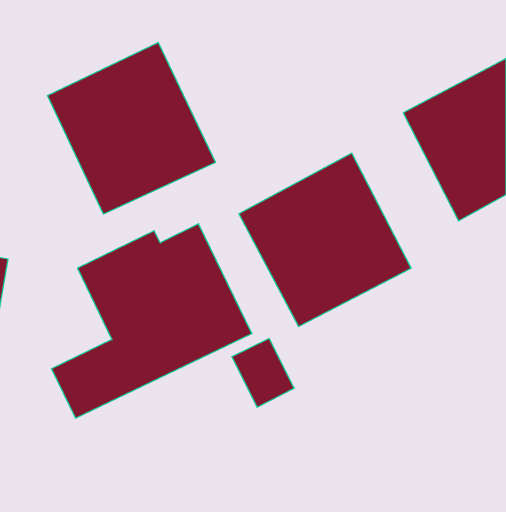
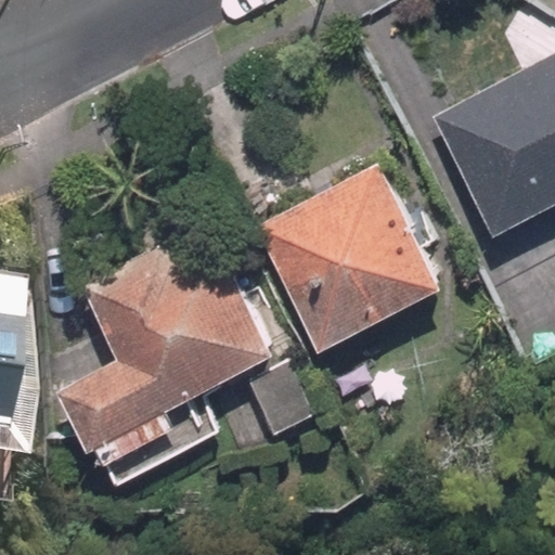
building: [47,42,216,214] -> none

